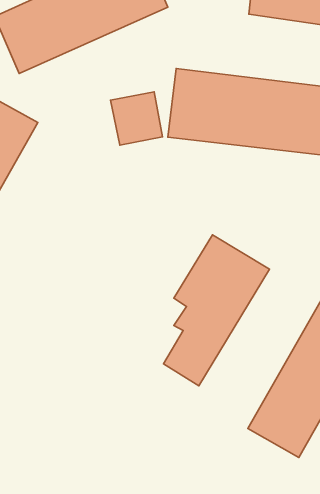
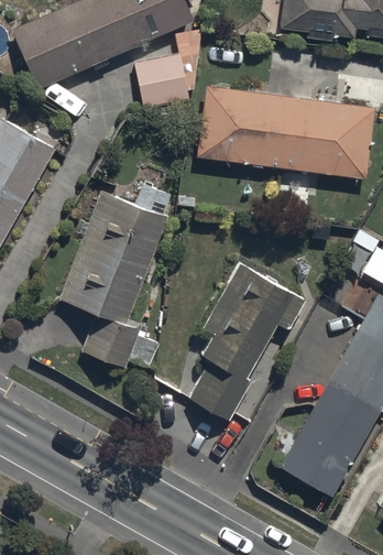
building: [111,92,162,145] -> [133,53,188,109]
building: none -> [61,187,169,367]

